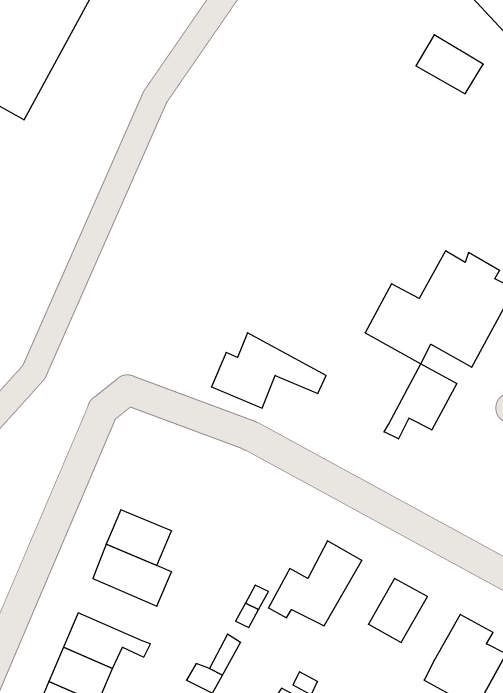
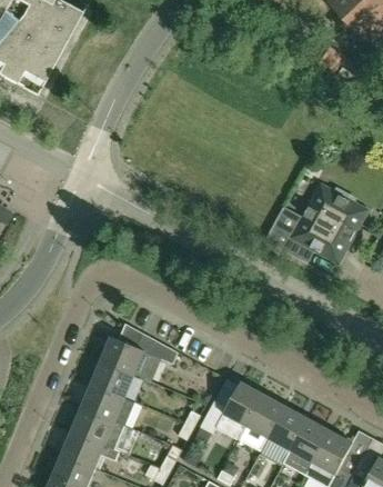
building: [211,333,326,408] -> [101,324,179,375]
building: [384,364,457,439] -> none
building: none -> [239,395,286,451]
building: none -> [72,407,125,449]
building: none -> [283,419,331,476]

